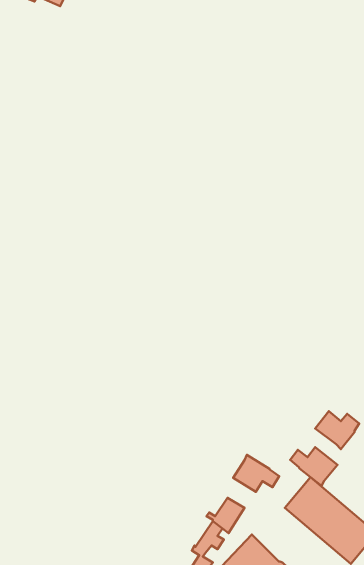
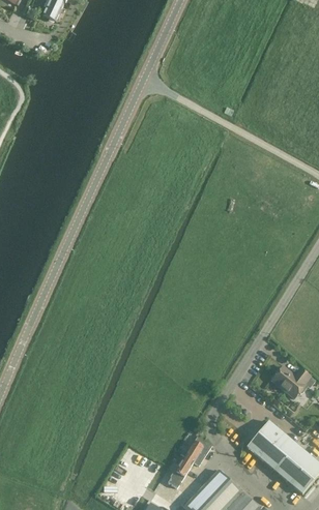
building: [290,447,337,486] -> none
building: [233,455,279,492] -> none

